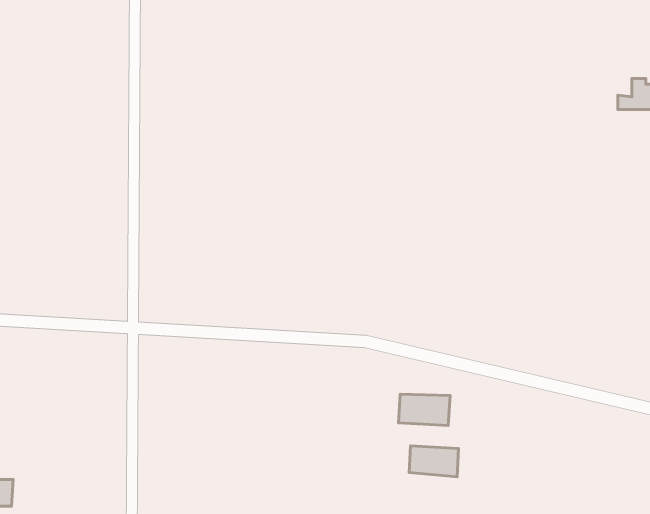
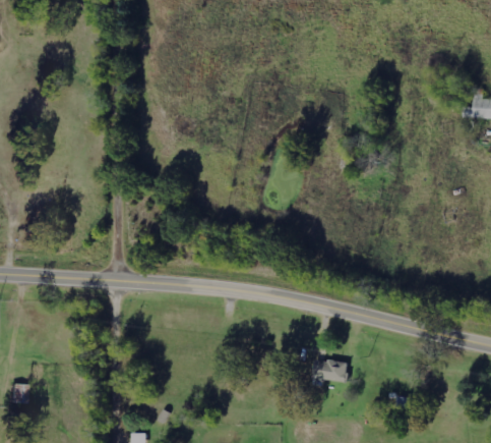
building: [398,394,450,426] -> none

